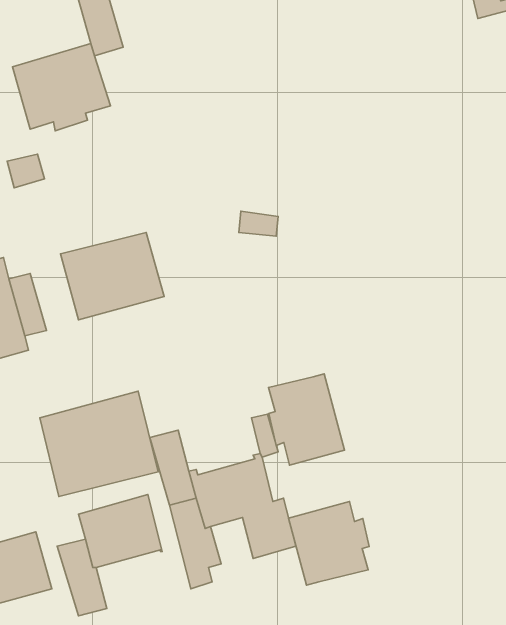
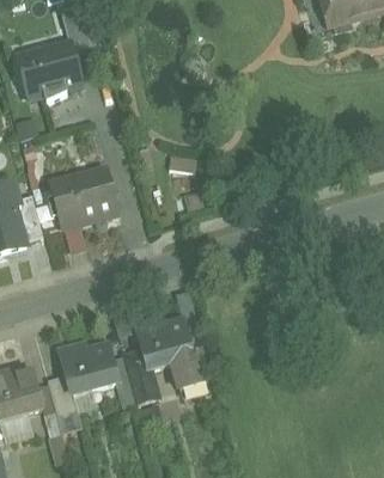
building: [268,374,345,465] -> none
building: [40,391,158,496] -> none
building: [289,501,369,585] -> none

